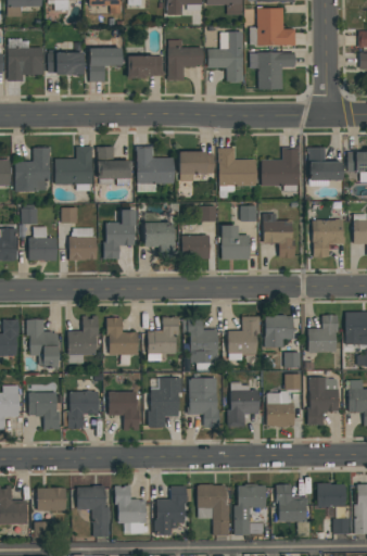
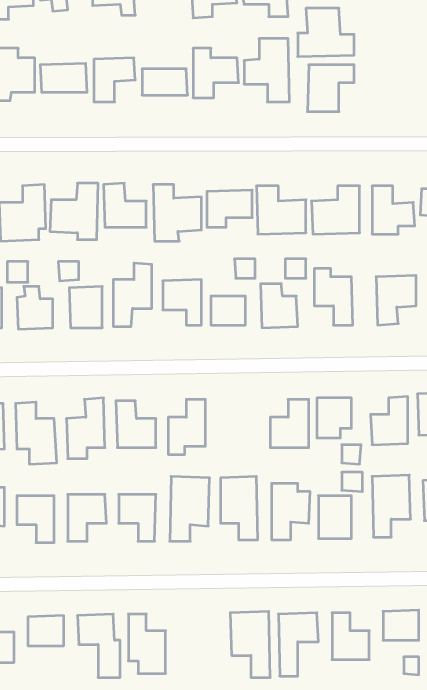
building: [190,316,218,368] -> none
building: [155,485,186,534] -> none

